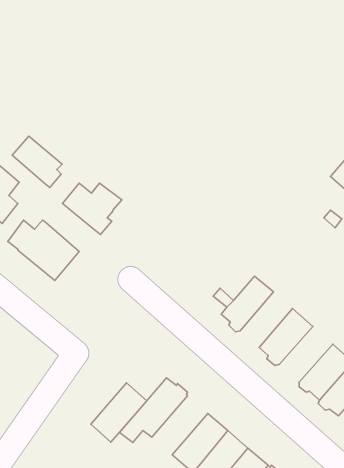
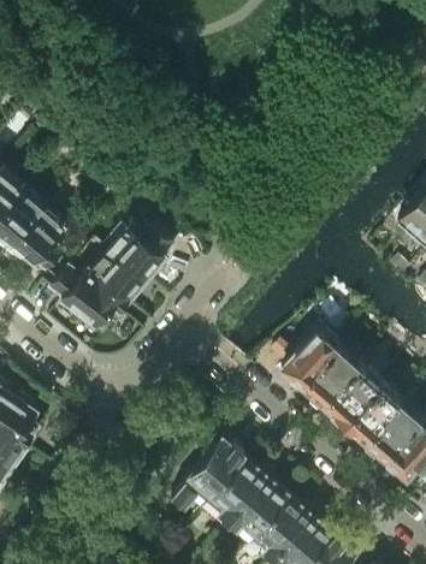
building: [12,136,62,188] -> [91,249,146,304]
building: none -> [301,344,357,405]
building: none -> [343,381,401,441]
building: [91,383,147,442] -> [206,456,266,520]

